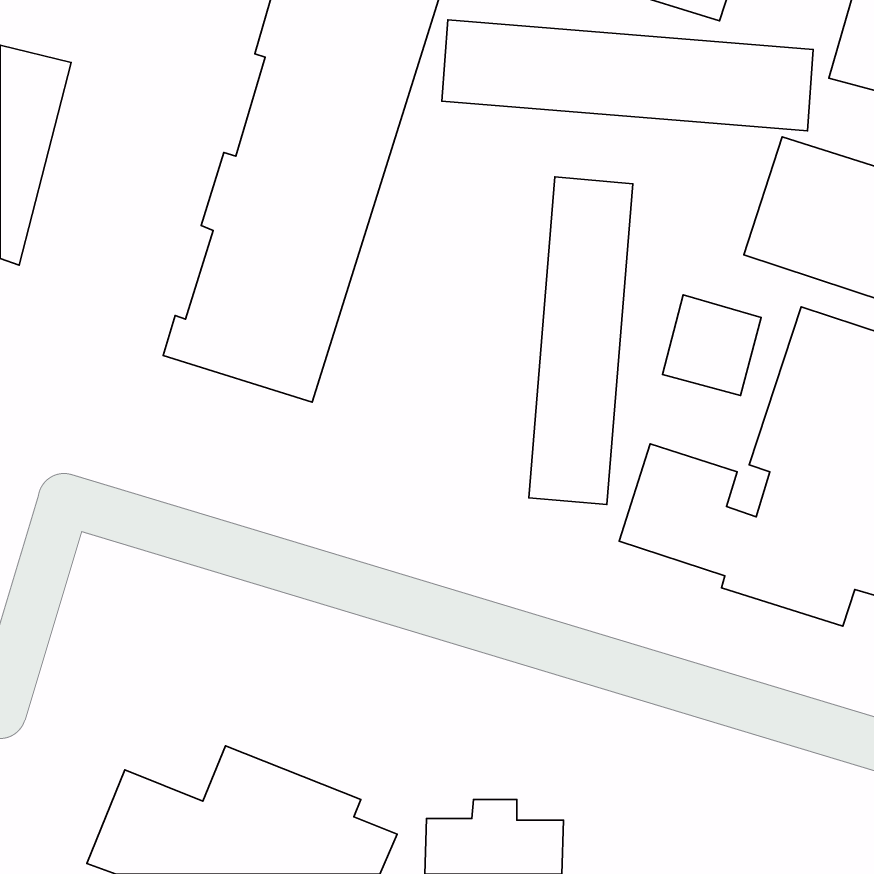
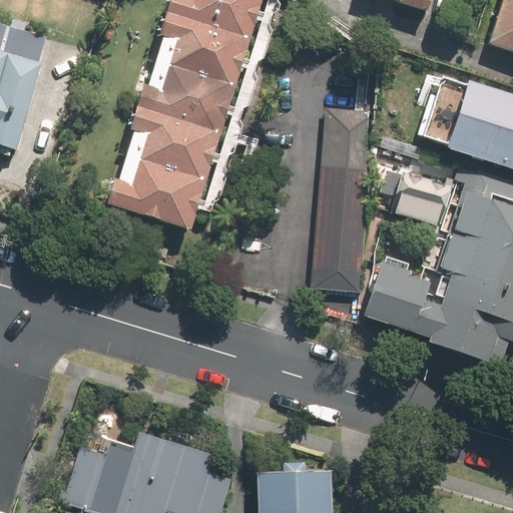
building: [442,20,813,131] -> none

